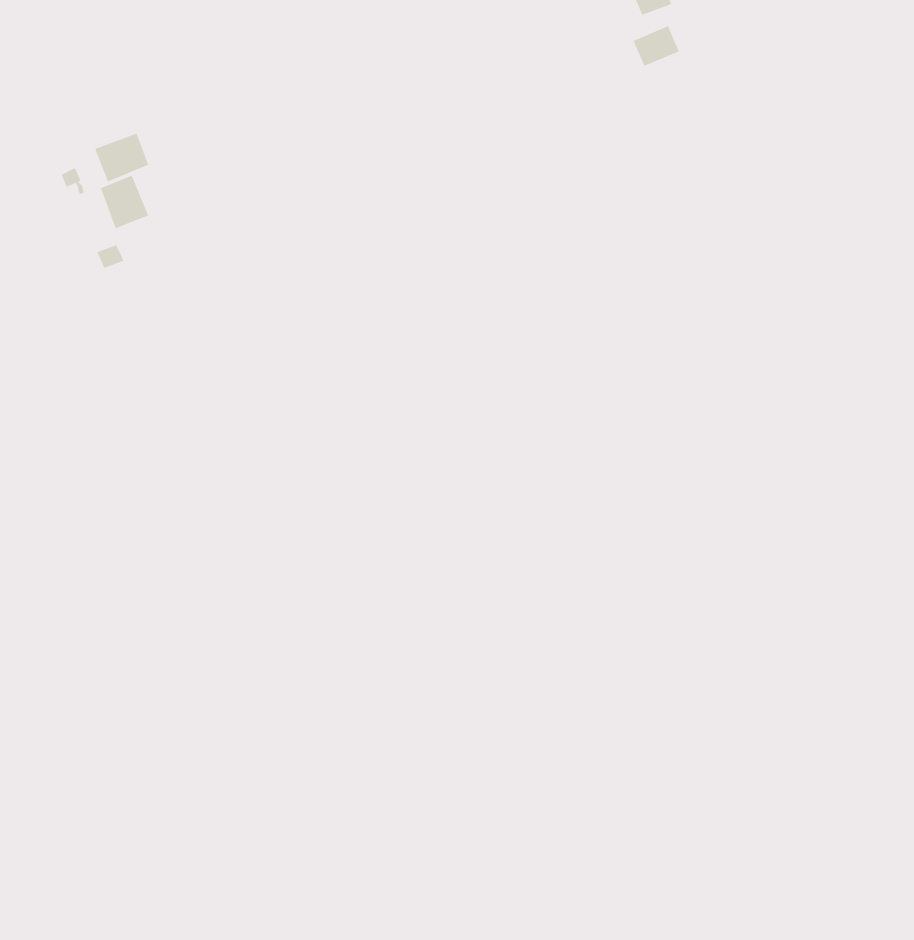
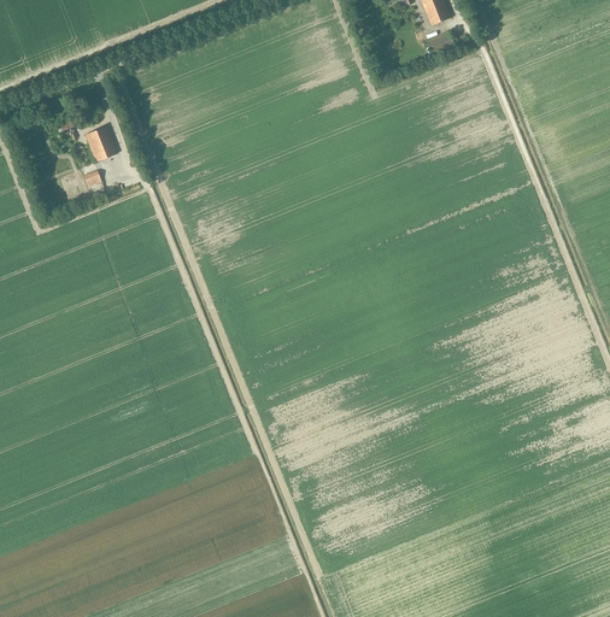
building: [94,133,149,183] -> none

